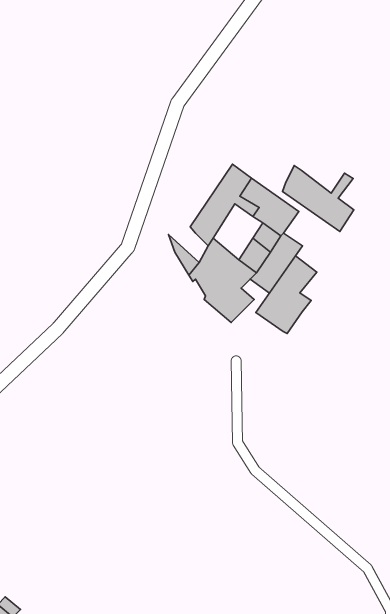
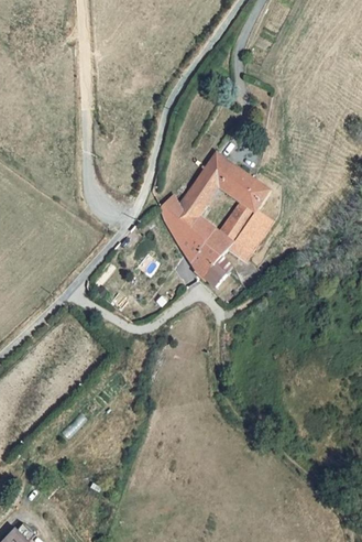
building: [282,165,354,232] -> none
building: none -> [160,194,195,236]
building: [256,256,317,333] -> none

